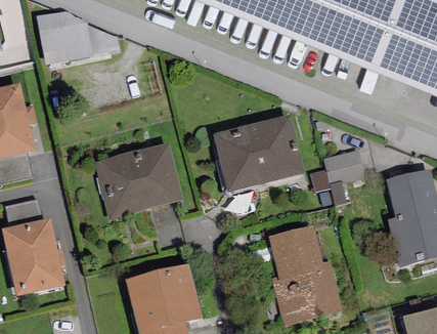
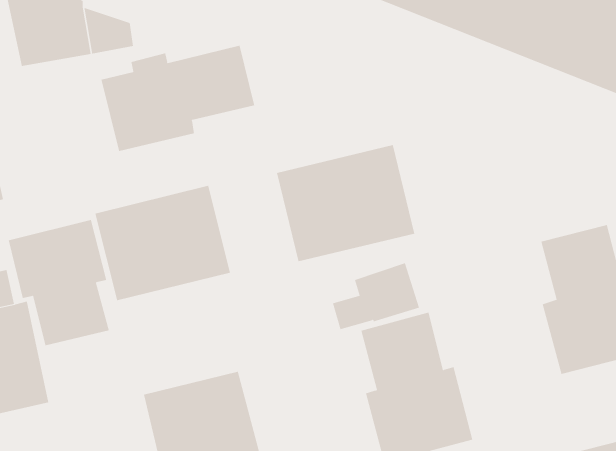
building: none -> [101,45,255,152]
building: [312,151,369,195] -> [332,263,420,330]
building: none -> [8,219,110,346]

